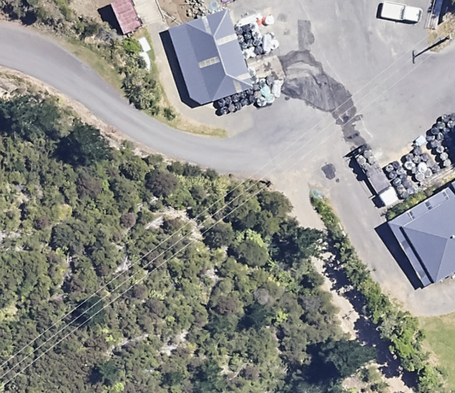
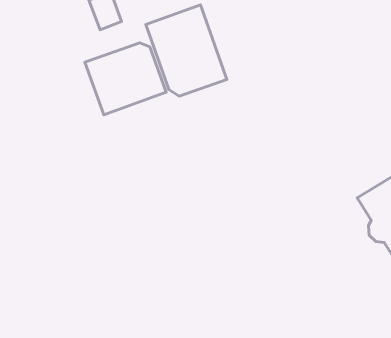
building: none -> [85,43,166,115]

